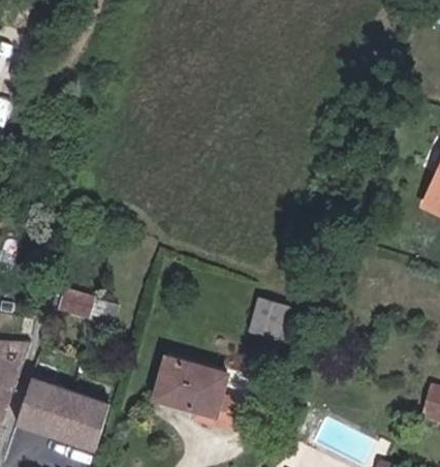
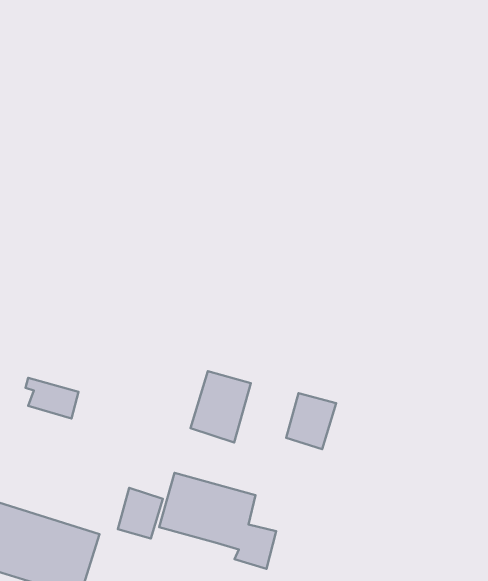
building: none -> [191,371,251,443]
building: none -> [118,488,163,538]

